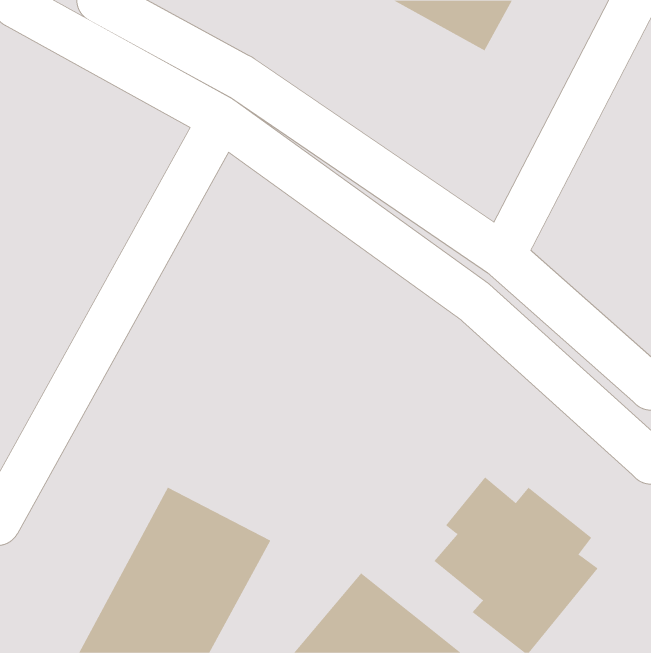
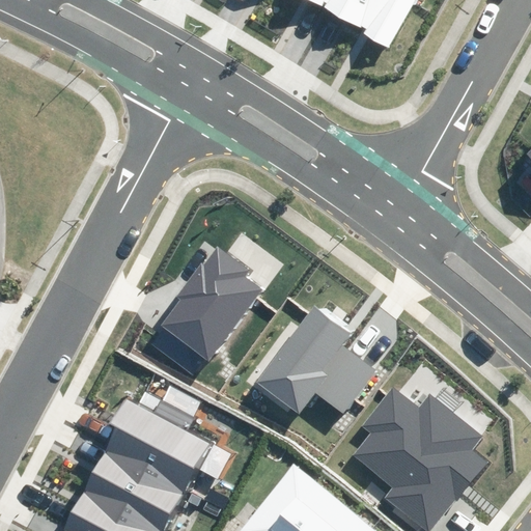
building: none -> [149,246,259,375]
building: none -> [251,306,375,415]

